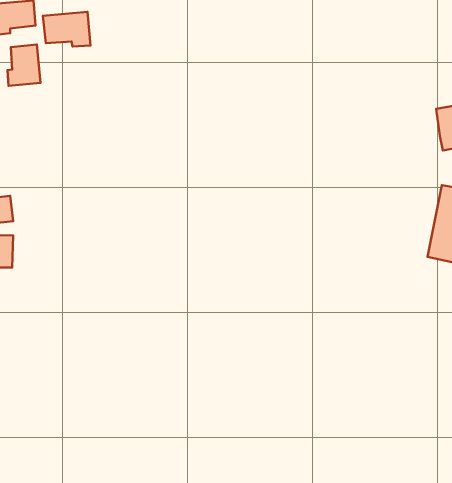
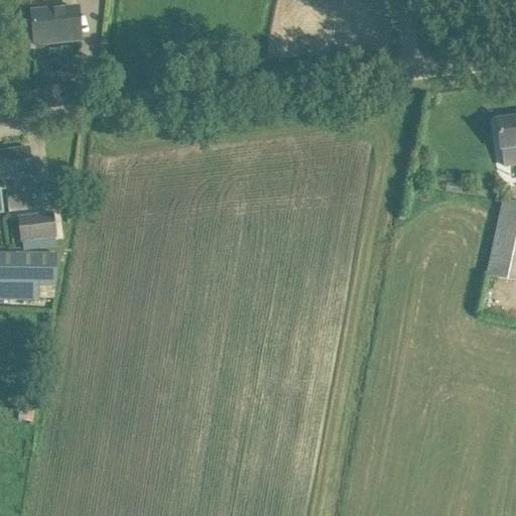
building: [43,12,90,47] -> none
building: [7,44,40,86] -> none

